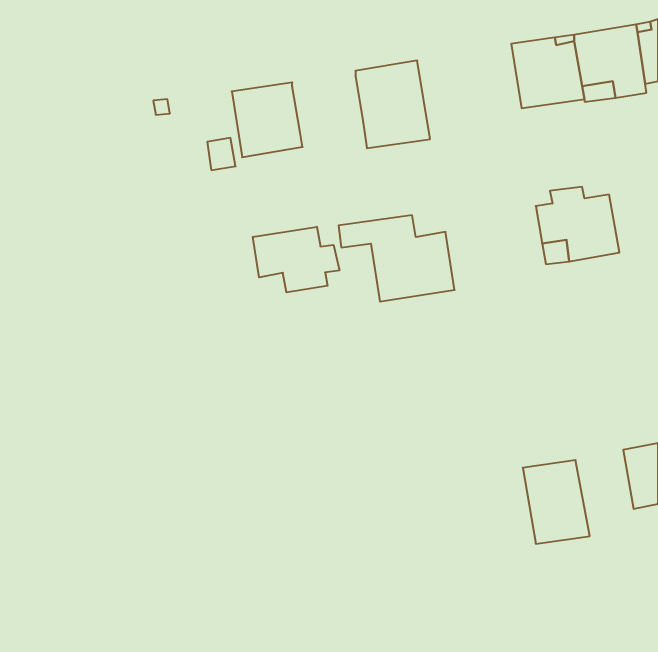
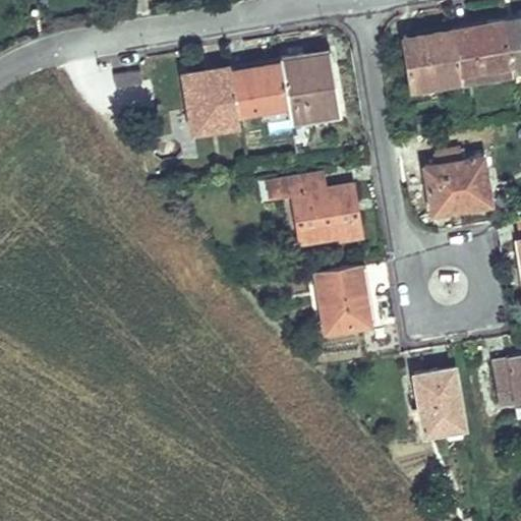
building: none -> [231,65,287,110]
building: [253,227,339,292] -> none
building: none -> [315,265,371,333]

